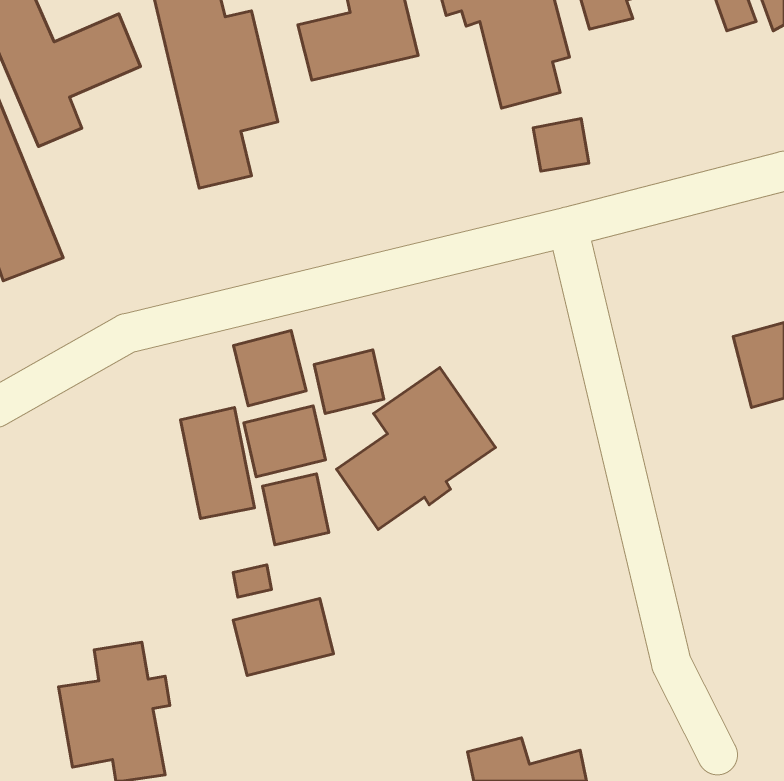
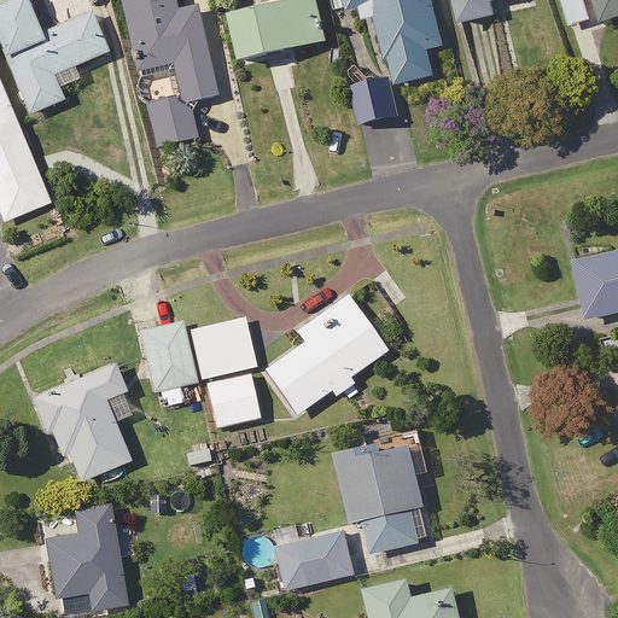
building: [533,119,589,171] -> [352,83,396,124]
building: [234,331,306,406] -> none
building: [314,350,384,413] -> none
building: none -> [31,362,130,480]
building: none -> [338,442,431,552]
building: [233,598,334,676] -> [278,530,356,590]

